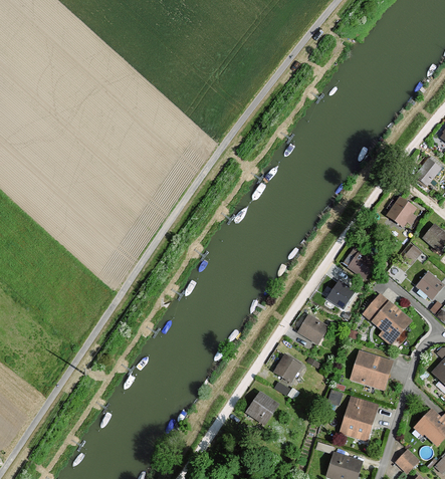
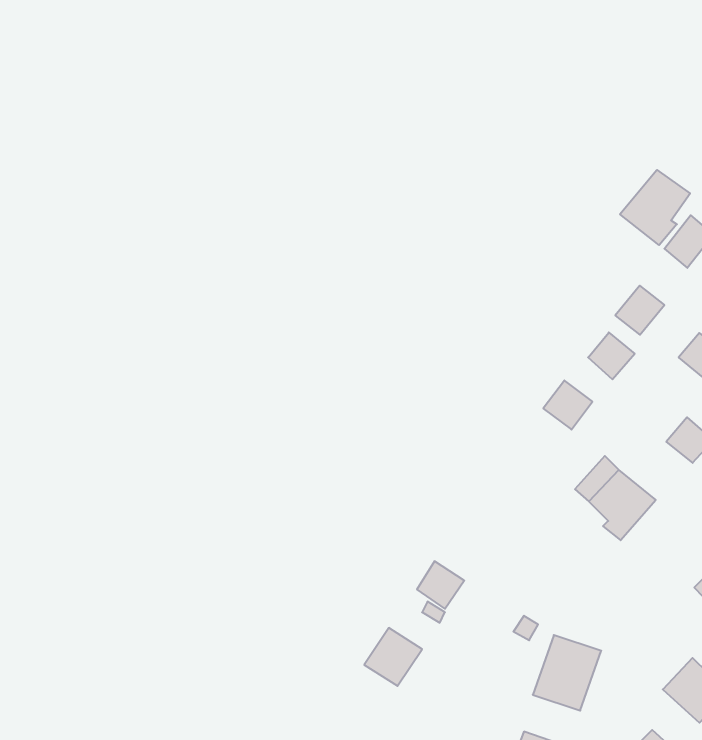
building: none -> [620,170,690,245]
building: none -> [588,332,635,379]
building: [326,281,353,307] -> none
building: [296,313,326,342] -> none
building: [350,350,394,391] -> none

